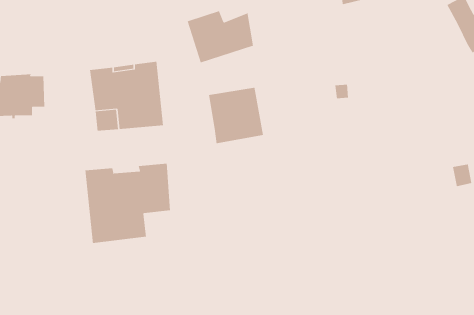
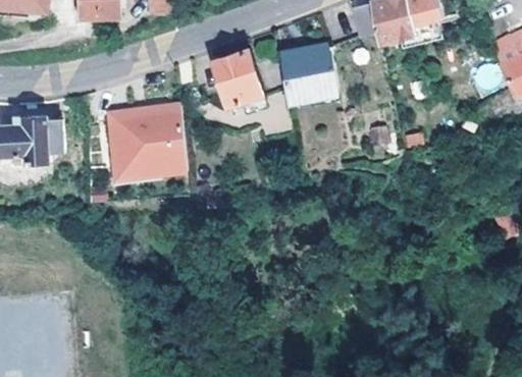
building: [208,87,264,144] -> [278,44,337,104]
building: [85,163,170,244] -> none

